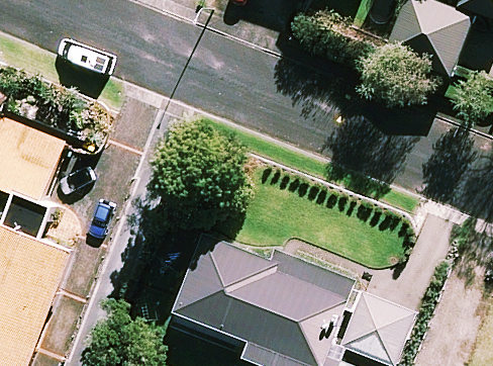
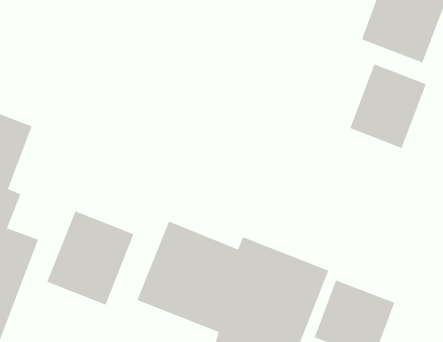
building: none -> [349,63,427,149]
building: none -> [47,211,134,306]

